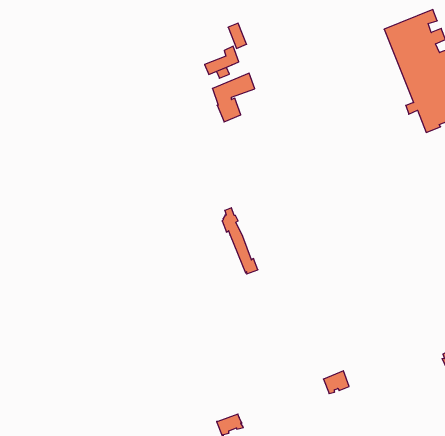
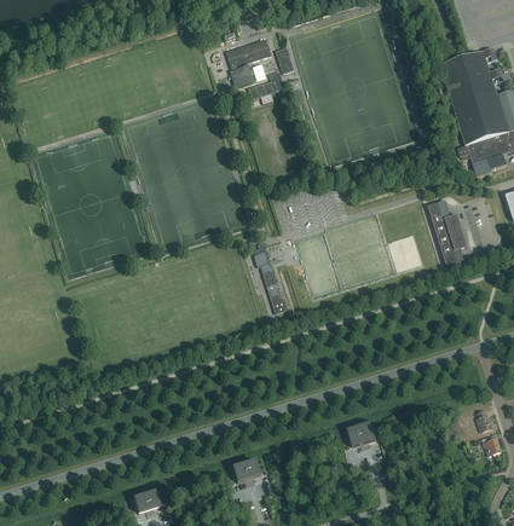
building: [212,73,255,122] -> [226,37,271,87]
building: none -> [427,200,467,265]

